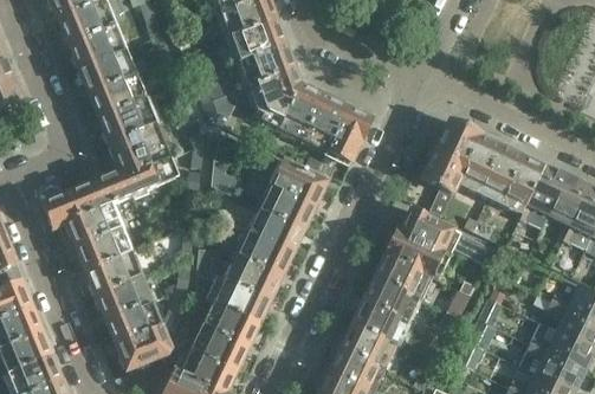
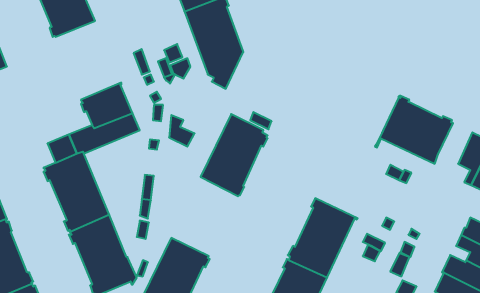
building: [78,47,156,140] -> none
building: [278,82,370,161] -> none
building: [422,120,480,215] -> none
building: [519,164,565,228] -> none
building: [40,186,79,226] -> none
building: [384,208,492,278] -> none
building: [196,230,293,322] -> none

